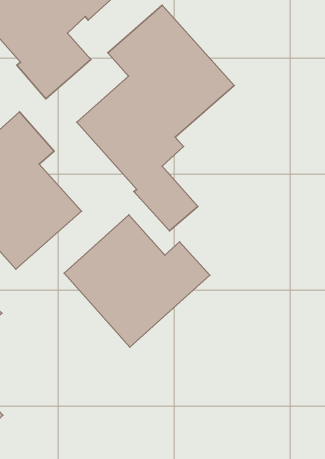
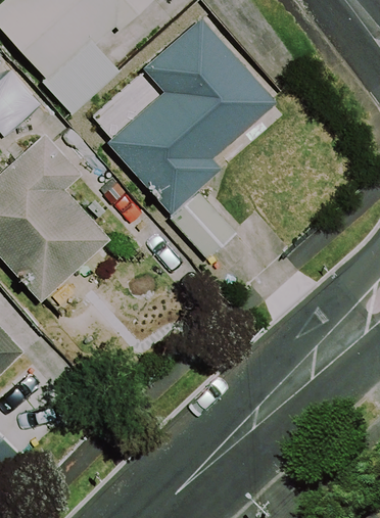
building: [64,215,210,347] -> none

